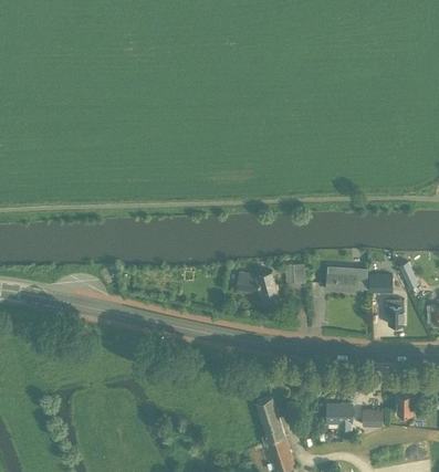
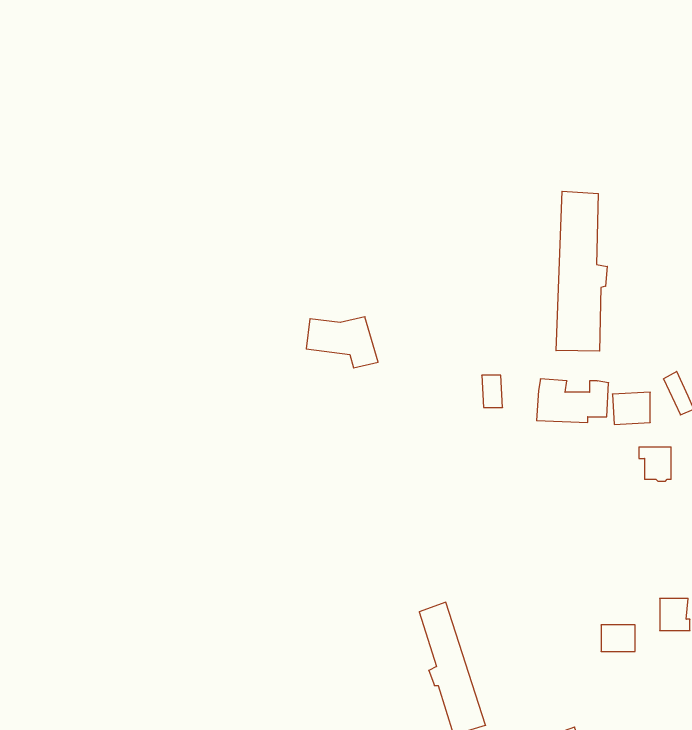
building: none -> [556,191,607,351]
building: [237,271,279,301] -> [306,317,378,368]
building: [326,403,352,428] -> none

